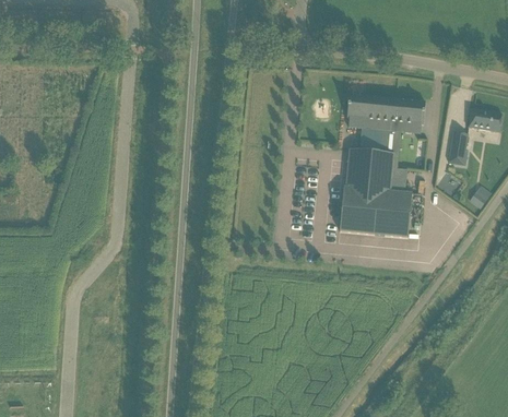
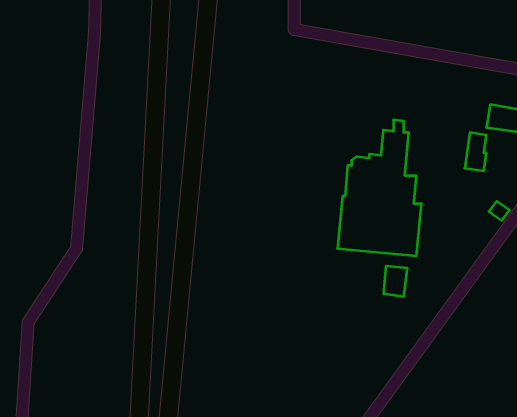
building: [346,95,424,131] -> none
building: none -> [384,266,407,297]

